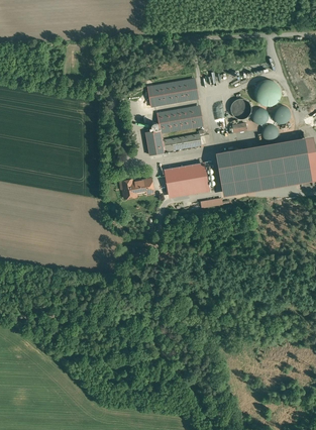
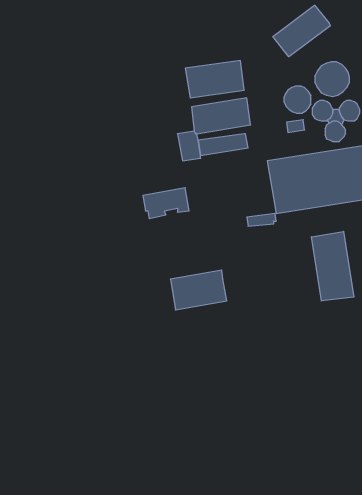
building: none -> [273,5,330,57]
building: [164,164,208,195] -> [170,270,227,310]
building: none -> [312,231,354,301]

